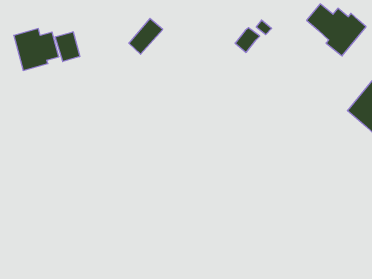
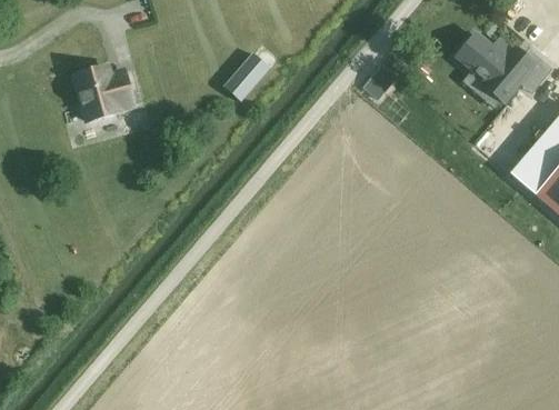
building: [55,32,80,62] -> none

